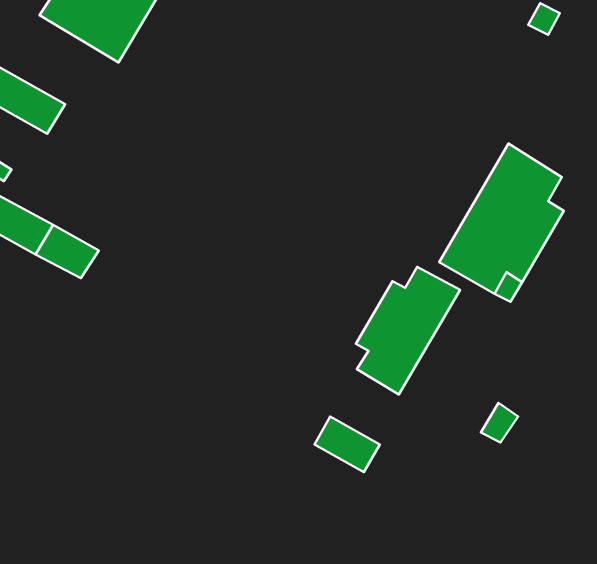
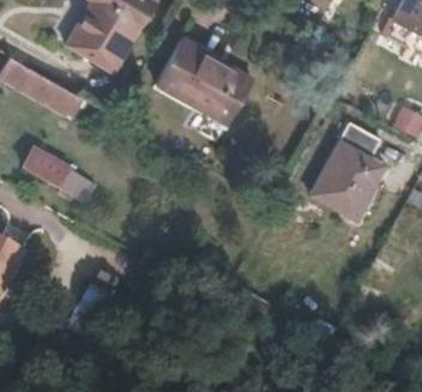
building: none -> [157,46,248,125]
building: [356,267,460,394] -> none

